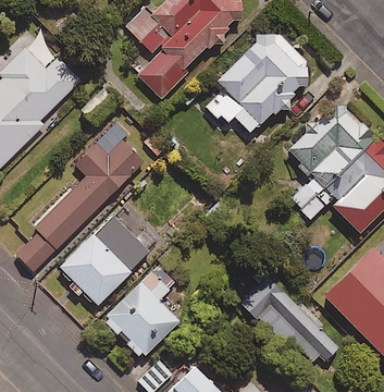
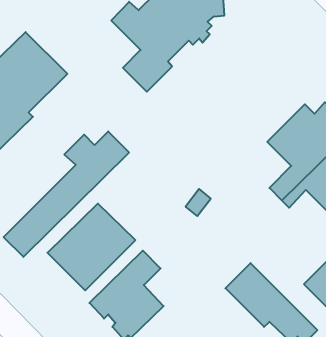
building: [205,32,309,133] -> none

